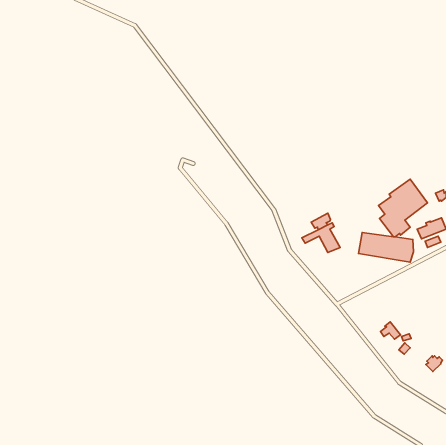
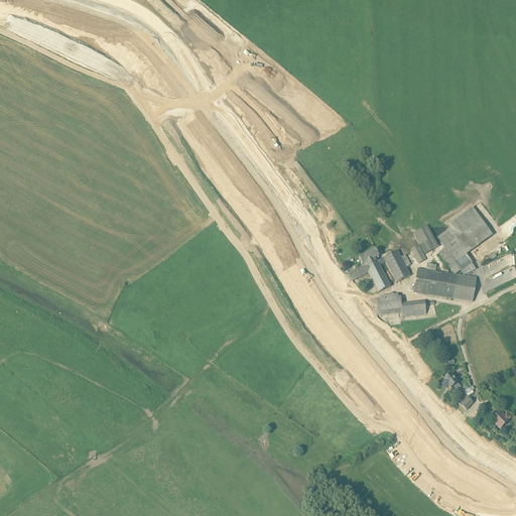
building: none -> [410,224,437,261]
building: none -> [383,249,410,281]
building: none -> [376,294,426,316]

